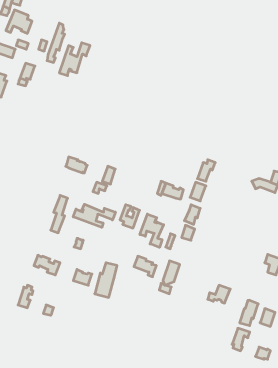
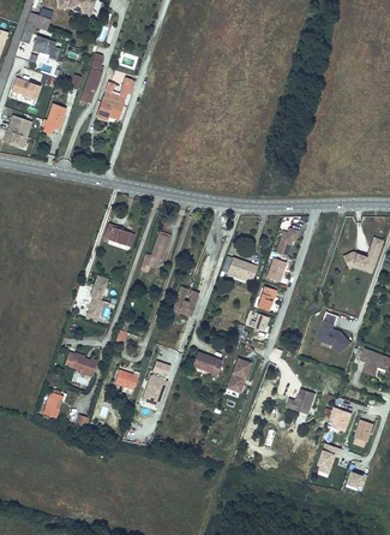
building: [73,204,115,227] -> none
building: [140,214,164,247] -> none
building: none -> [317,311,350,352]

